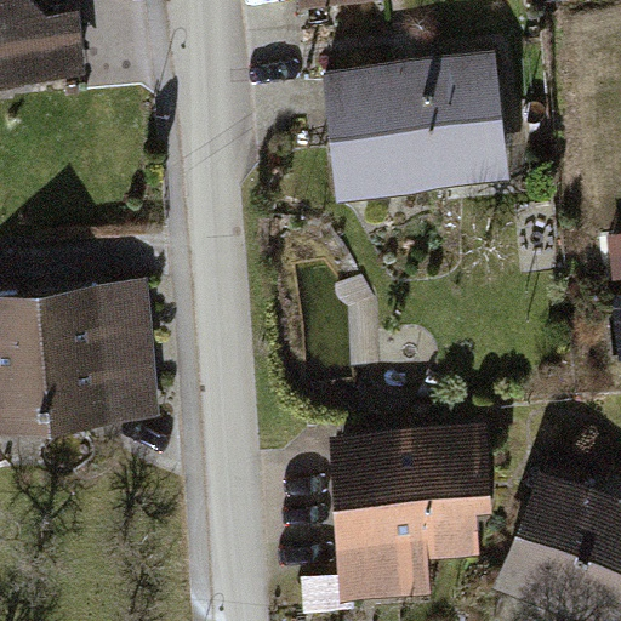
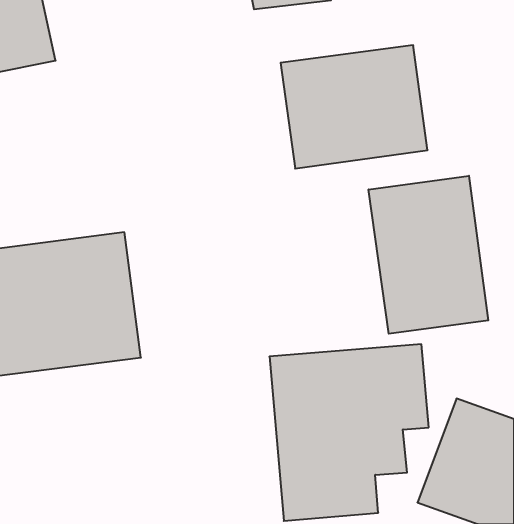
building: none -> [369,176,488,334]

